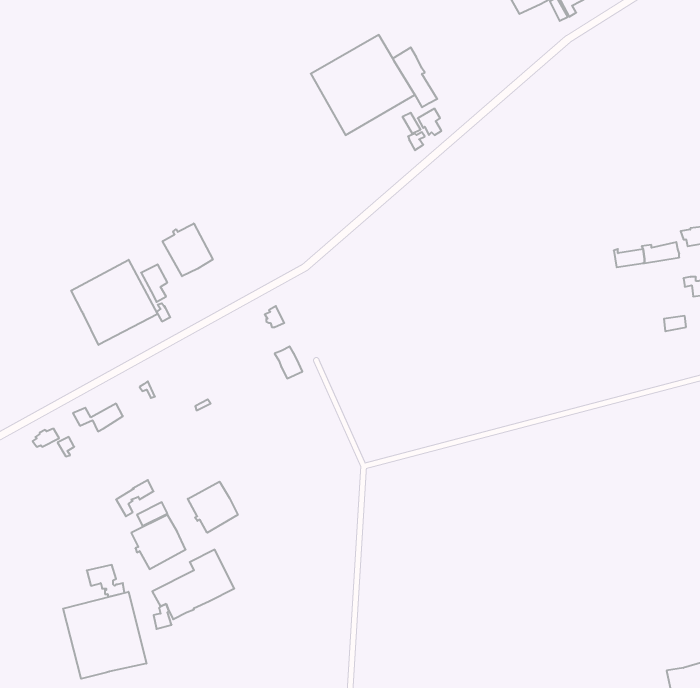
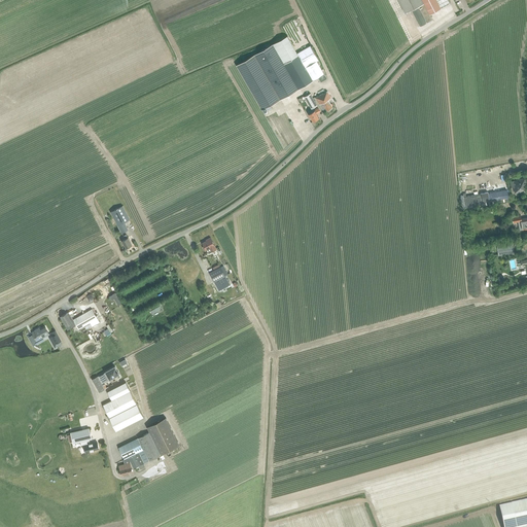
building: [163,223,213,276] -> none
building: [71,260,158,345] -> none
building: [188,482,238,533] -> none
building: [63,592,146,679] -> none

